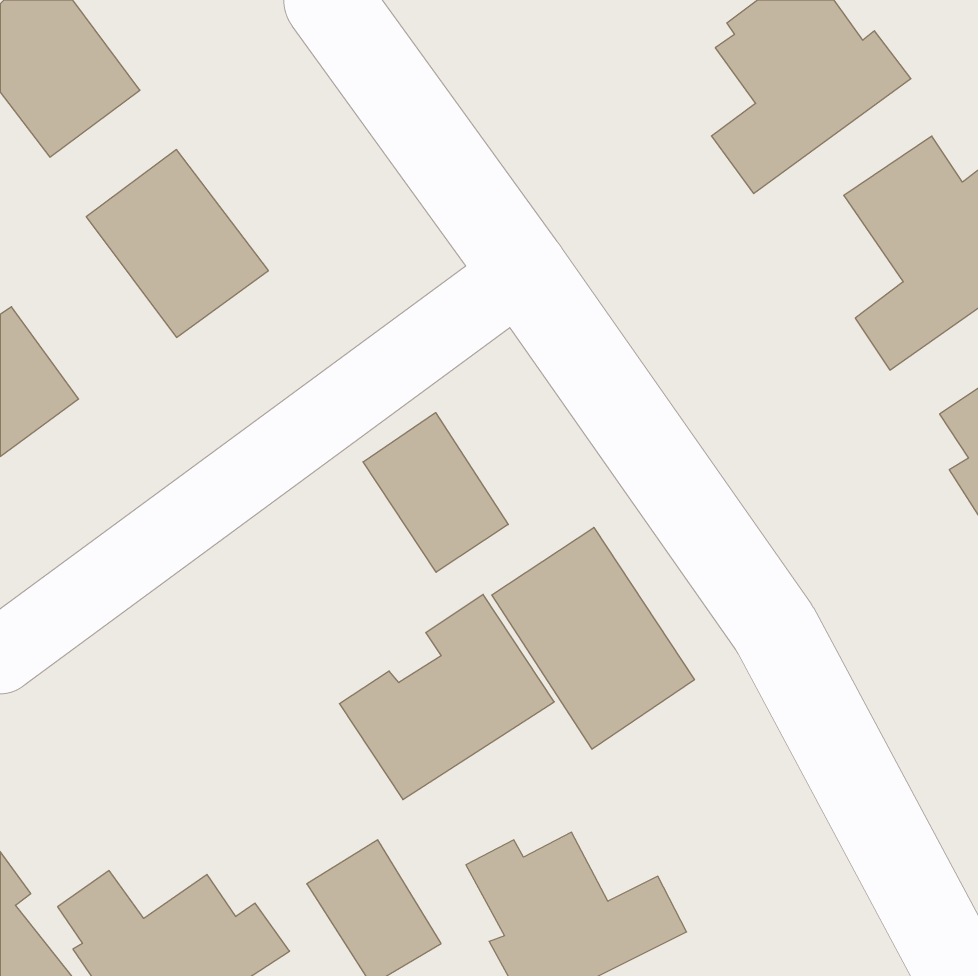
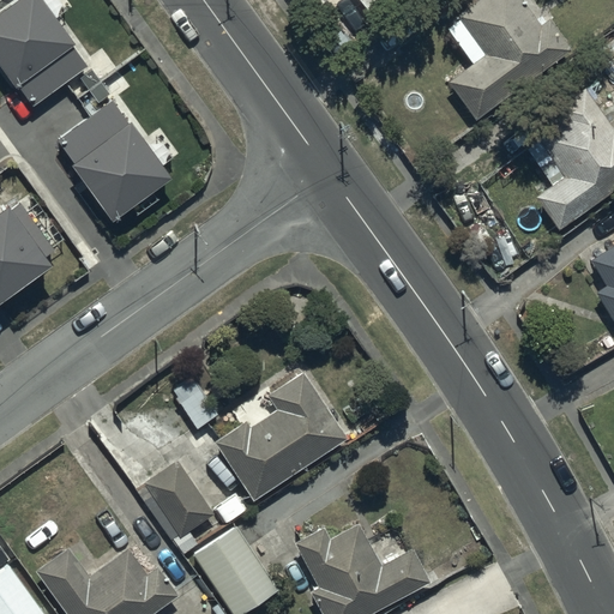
building: [363,413,508,572] -> none
building: [492,527,694,749] -> none
building: none -> [145,462,213,538]

